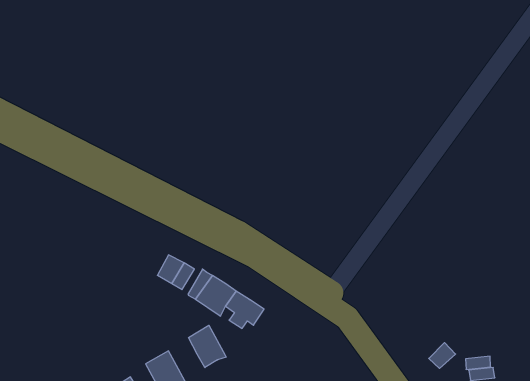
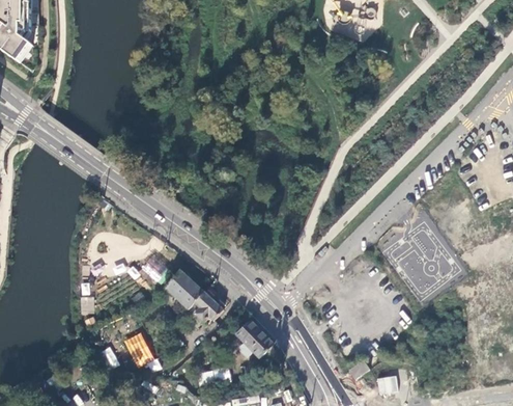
building: none -> [236,320,274,358]
building: [189,325,226,368] -> none

